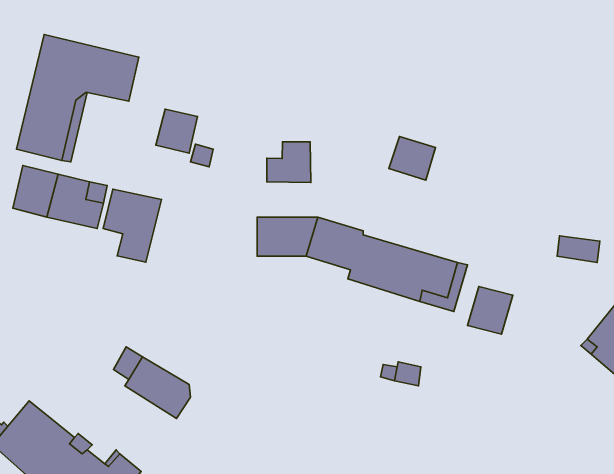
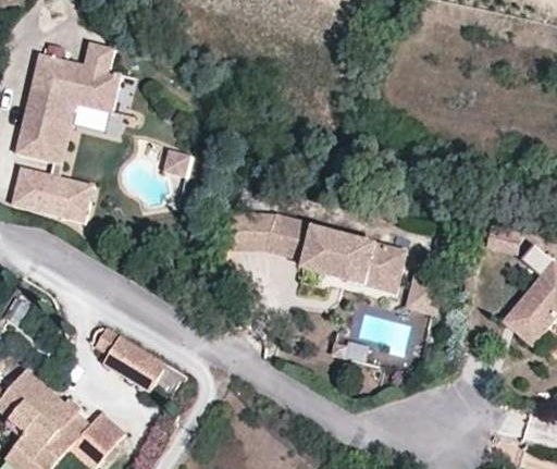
building: [156,109,197,153] -> none
building: [389,137,435,180] -> none
building: [267,142,311,182] -> none
building: [103,189,162,262] -> none

